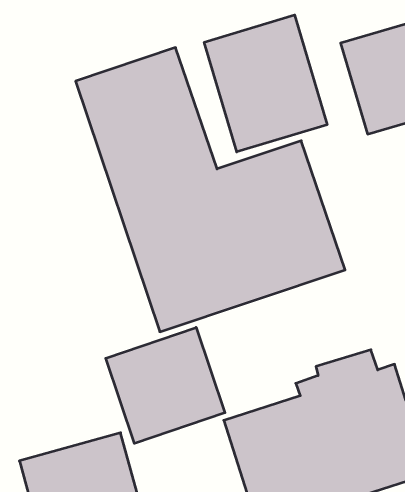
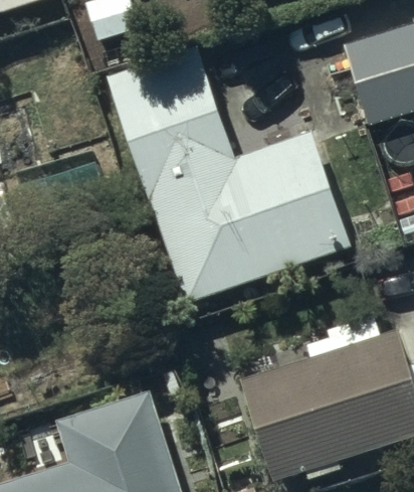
building: [204,15,327,152] -> none
building: [106,327,225,443] -> none

